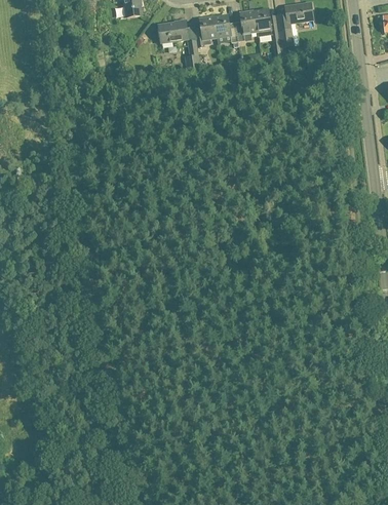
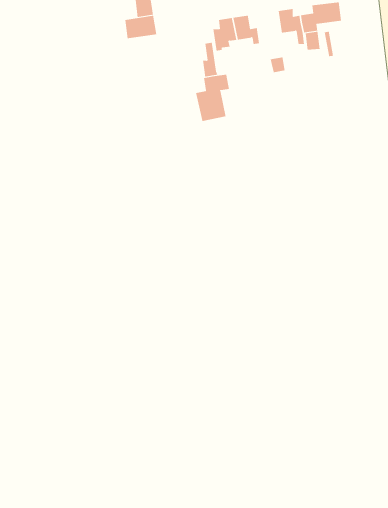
building: [235,10,257,40] -> none
building: [158,21,188,42] -> [125,15,157,39]
building: none -> [195,74,229,122]

